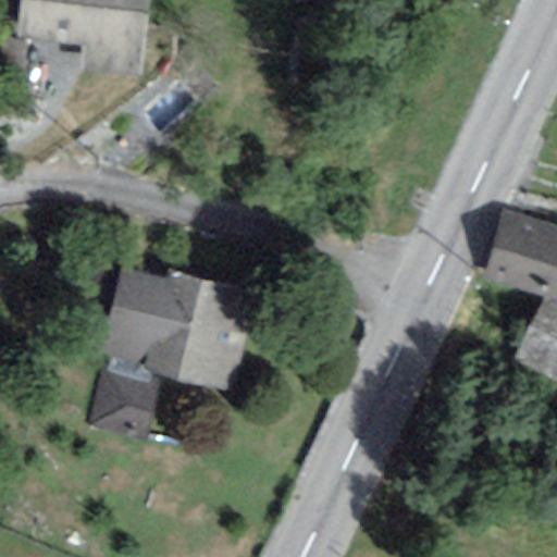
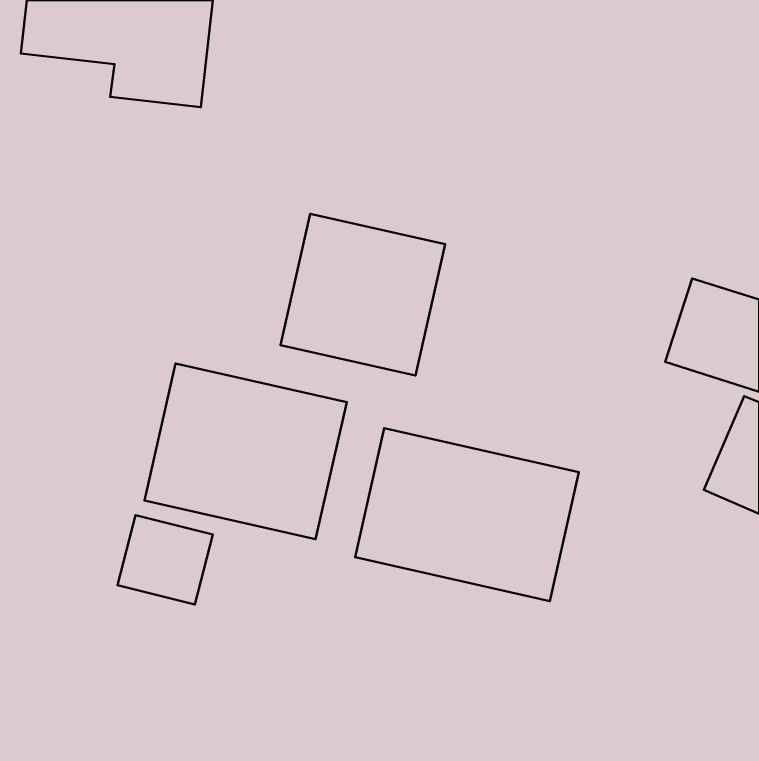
building: none -> [280,214,445,375]
building: none -> [355,428,579,601]

